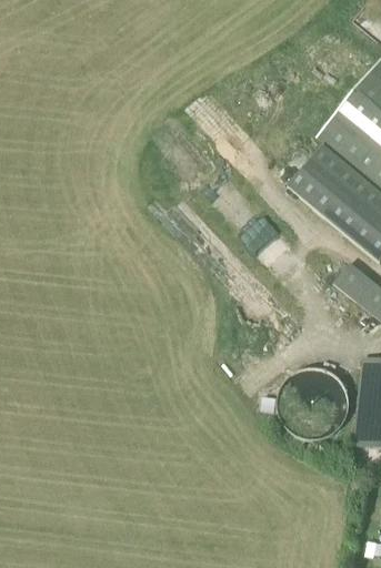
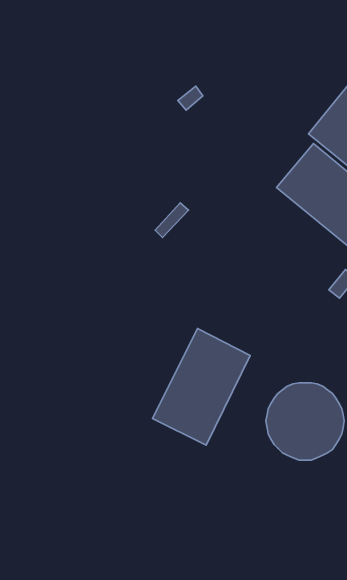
building: none -> [152,329,250,445]

